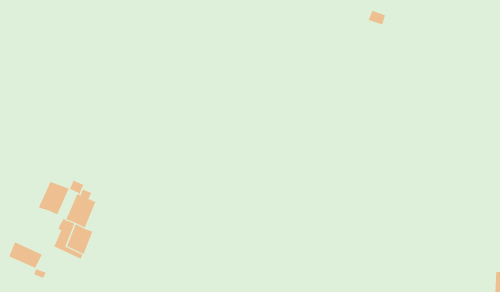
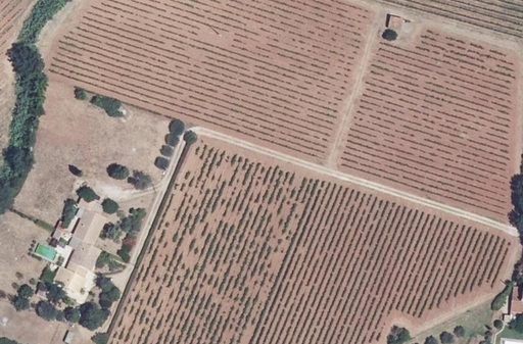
building: [38,181,69,215] -> none
building: [9,242,42,269] -> [53,264,88,292]

